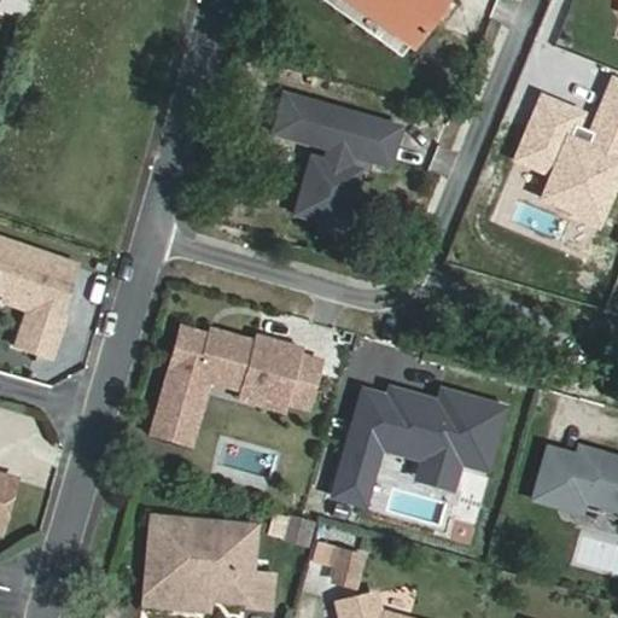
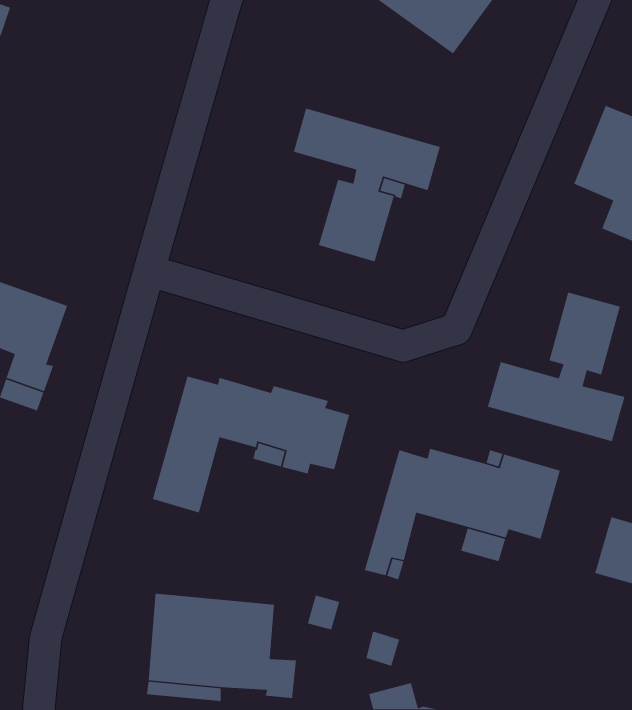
building: none -> [487,292,626,442]

